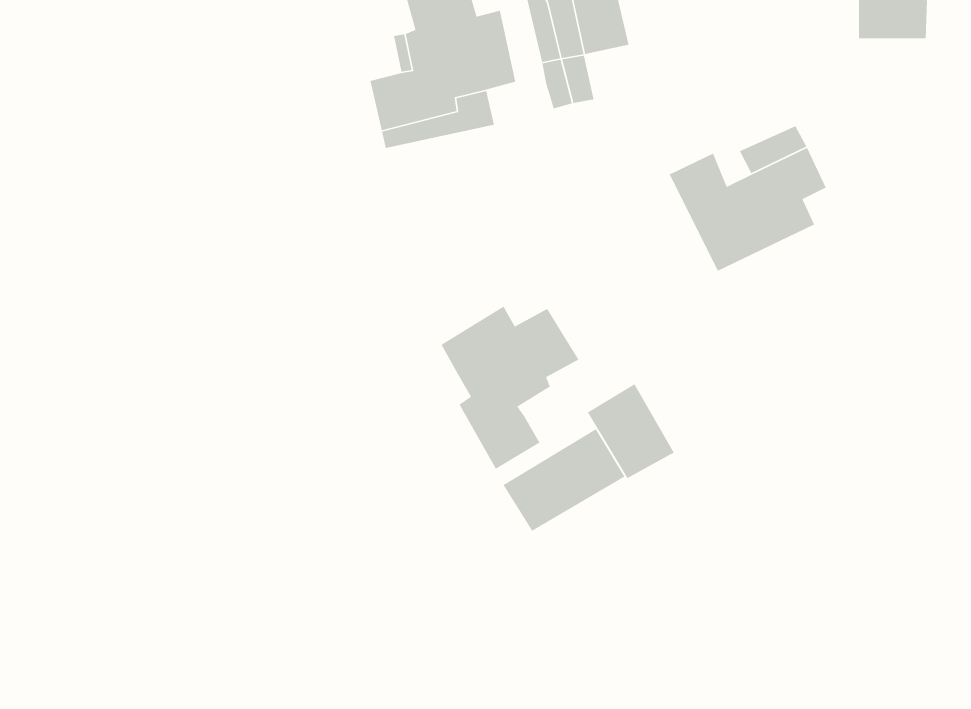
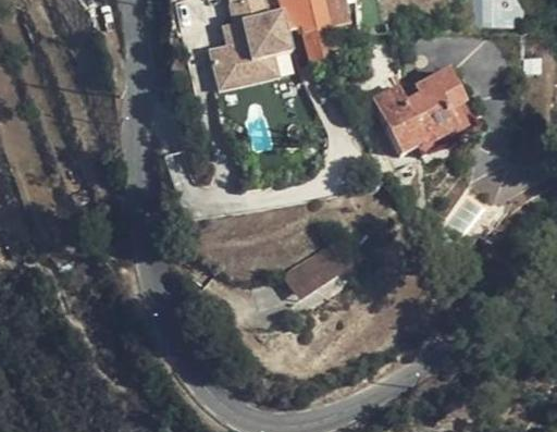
building: [441,306,579,470] -> none
building: [587,383,675,479] -> none

